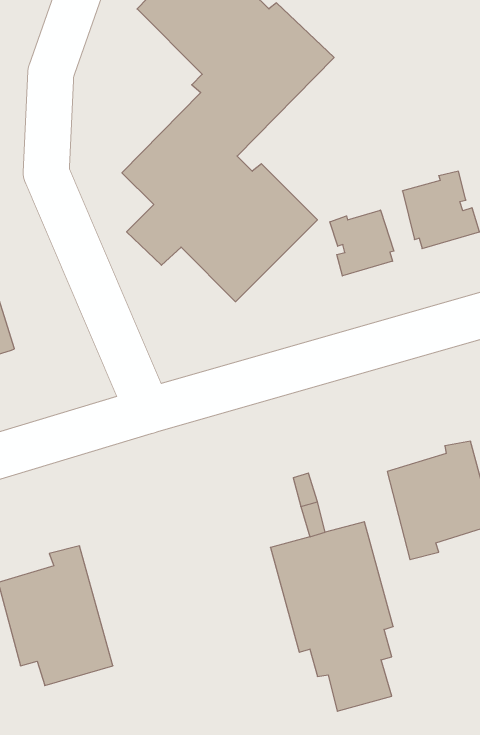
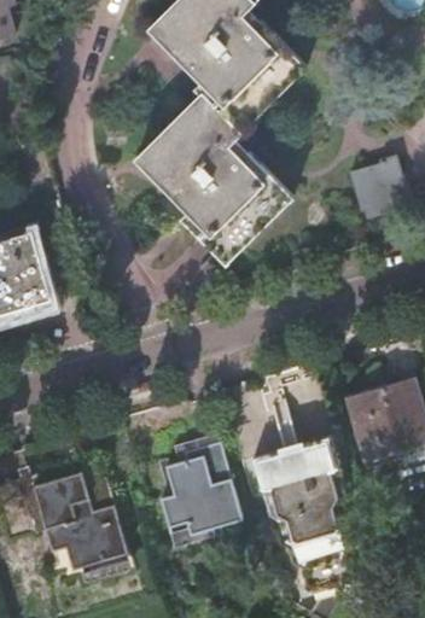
building: [330,210,394,276] -> none
building: none -> [161,443,241,534]

